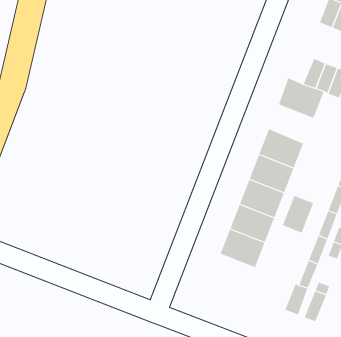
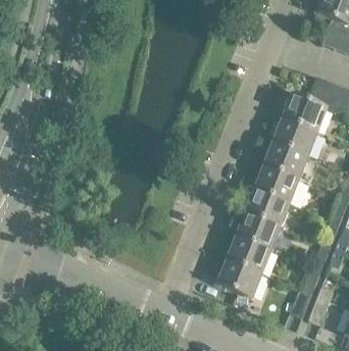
building: none -> [273,119,316,156]
building: [282,195,314,233] -> none
building: none -> [217,260,261,298]

